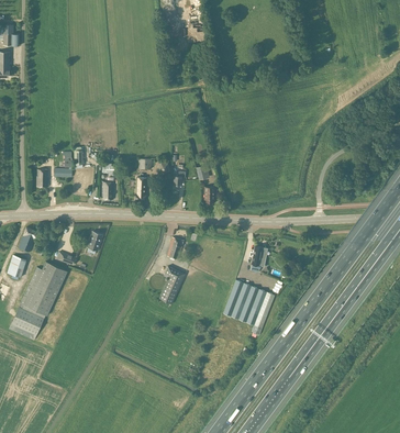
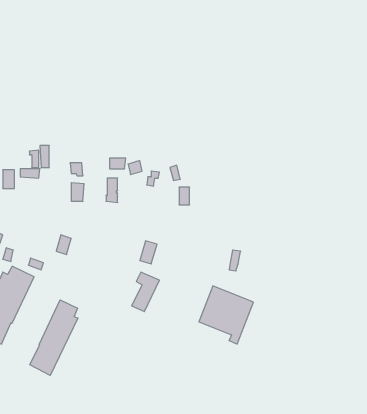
building: none -> [30,300,78,375]

